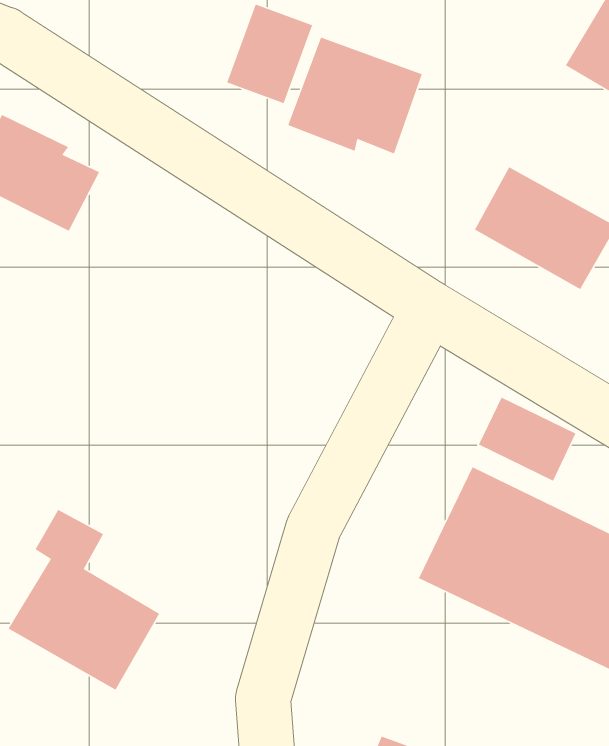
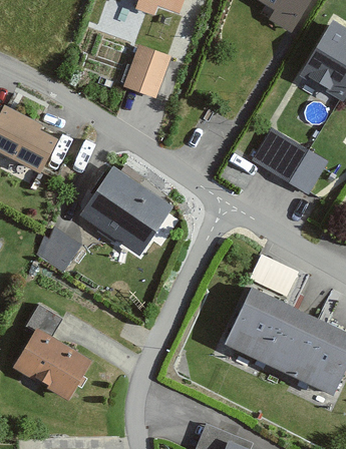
building: [287,36,423,154] -> none
building: none -> [87,167,171,248]
building: none -> [43,222,86,265]

